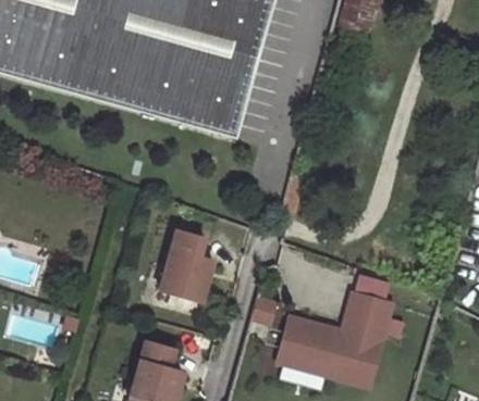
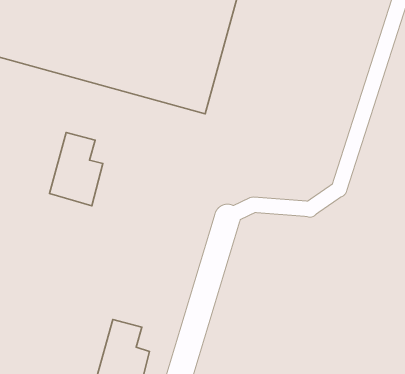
building: [162,223,214,295] -> [49,132,103,206]
building: [278,291,393,386] -> none

